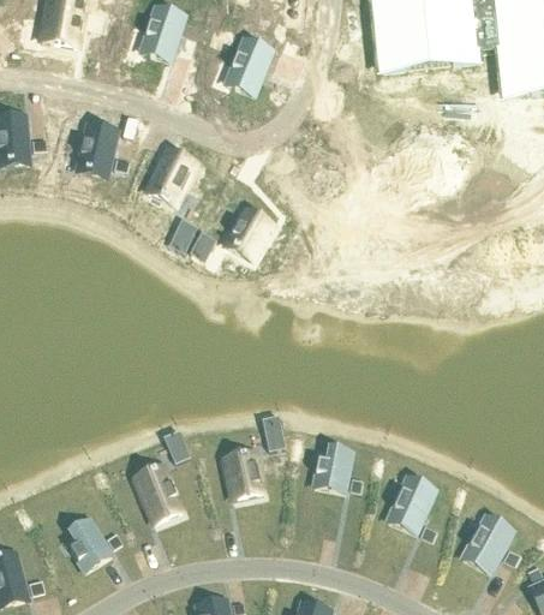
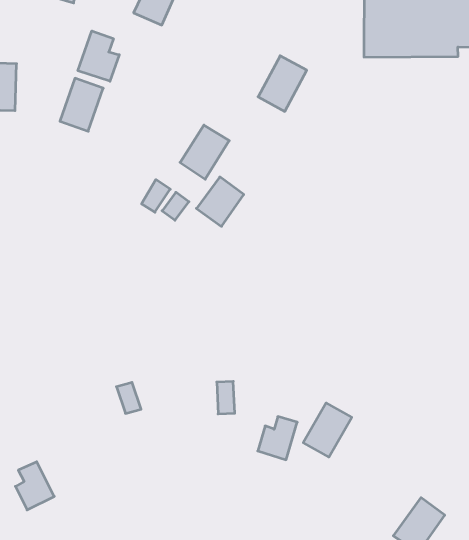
building: [225,37,271,94] -> [258,56,307,111]
building: none -> [78,31,119,81]
building: [147,150,195,205] -> [180,125,229,179]
building: [223,452,262,497] -> none
building: [134,465,181,521] -> none
building: [387,476,434,531] -> [303,403,352,457]

